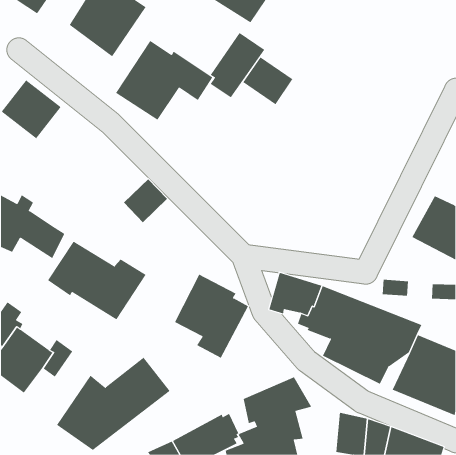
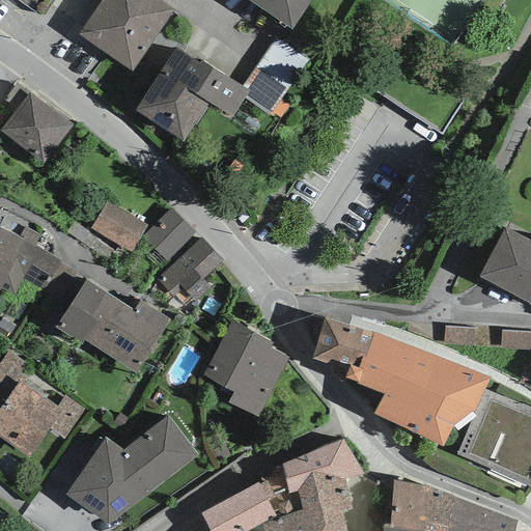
building: [243,56,293,105] -> none
building: none -> [91,201,147,251]
building: none -> [156,236,222,305]

